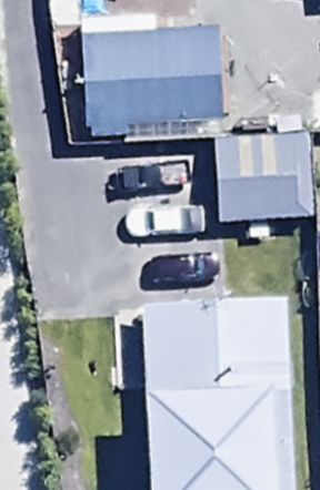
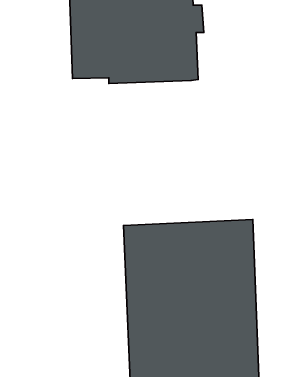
building: [218,132,313,222] -> none

